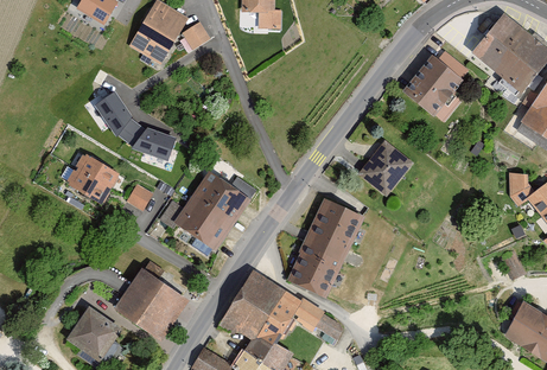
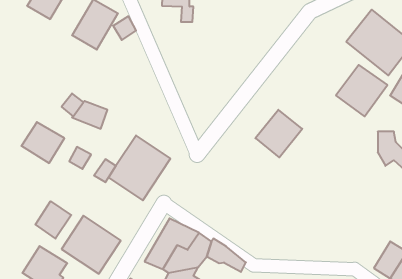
building: [403,53,468,117] -> [336,65,387,116]
building: [93,90,131,136] -> none
building: [288,197,367,296] -> none
building: none -> [35,201,71,239]

